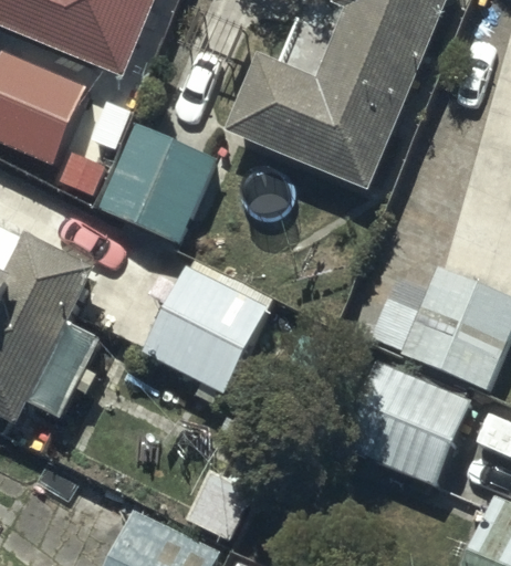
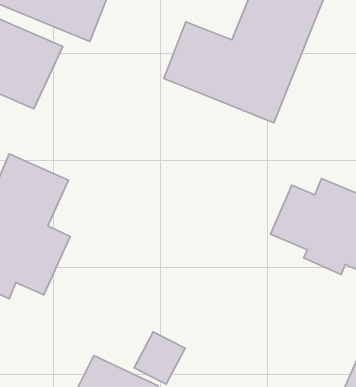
building: [93,119,216,242] -> none
building: [142,254,275,403] -> none
building: [338,363,469,486] -> none

